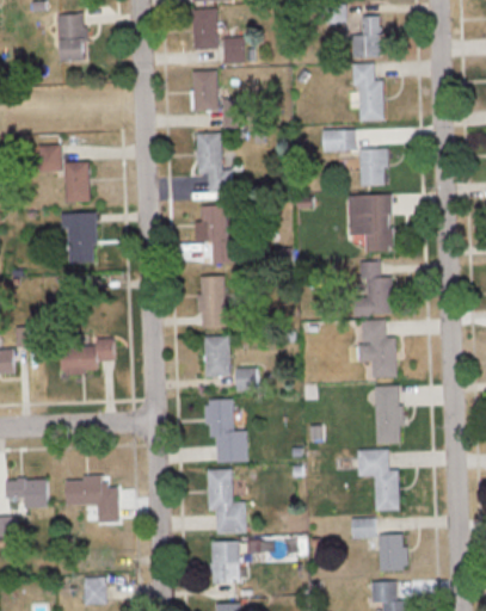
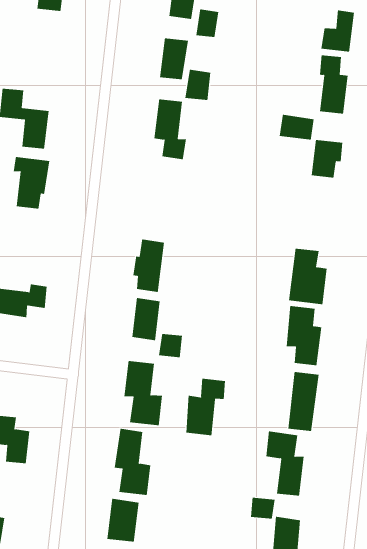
building: [349,195,393,252] -> none
building: [201,205,236,264] -> none
building: none -> [186,378,226,436]

